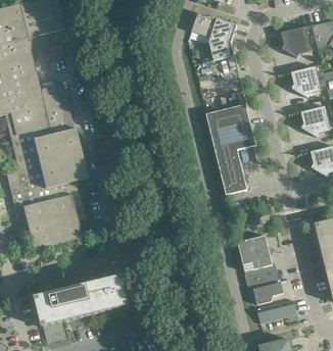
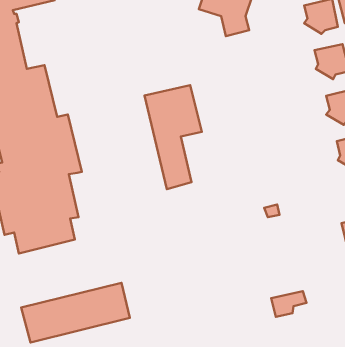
building: [205,103,255,194] -> [145,85,202,189]
building: [237,234,279,286] -> none
building: [255,298,296,322] -> none

